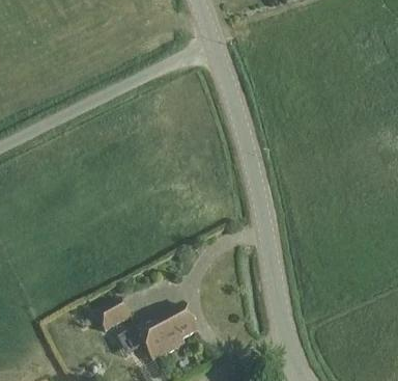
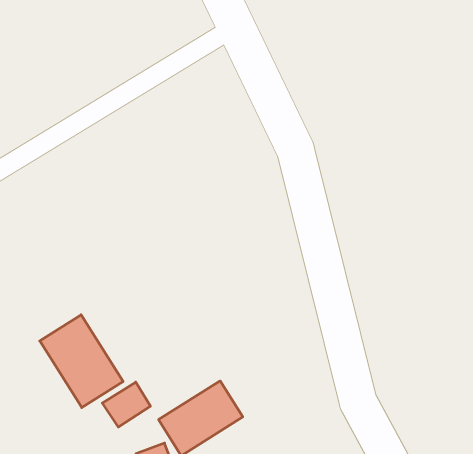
building: none -> [40,315,123,408]

